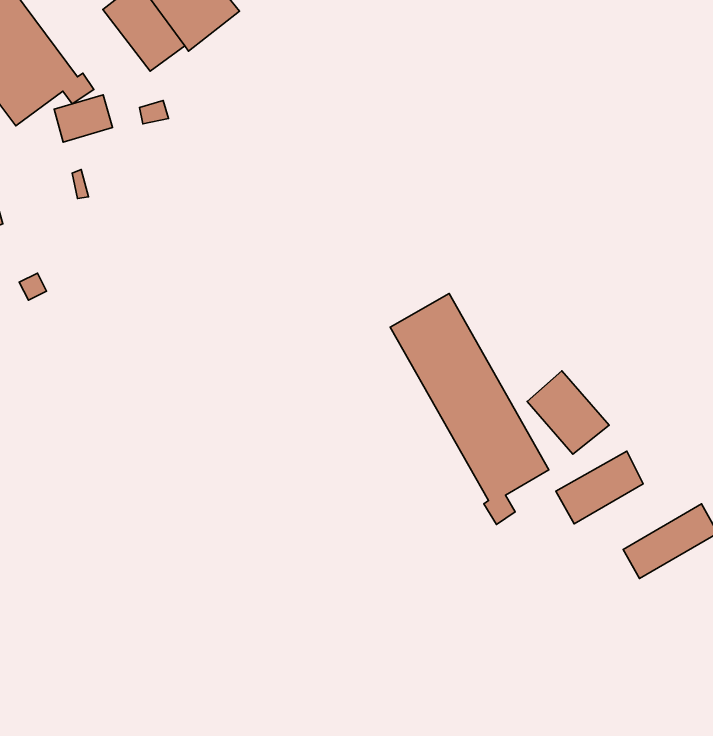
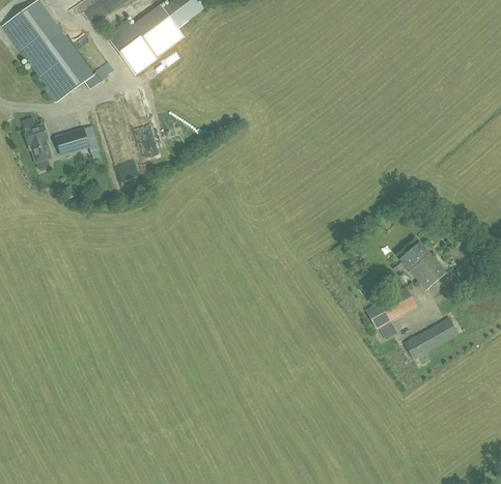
building: [54,95,112,142] -> [55,127,88,154]
building: [390,293,549,525] -> none
building: [527,371,609,454] -> [399,240,446,288]

